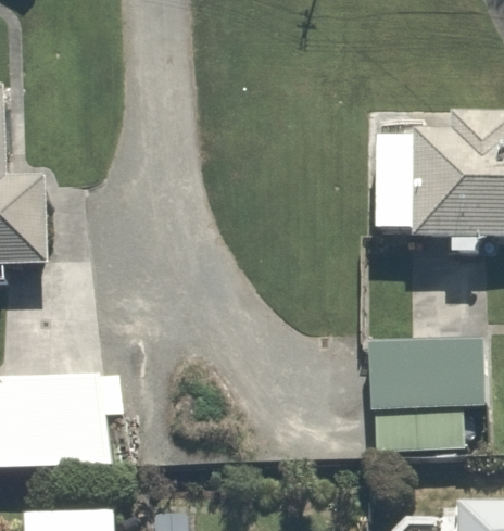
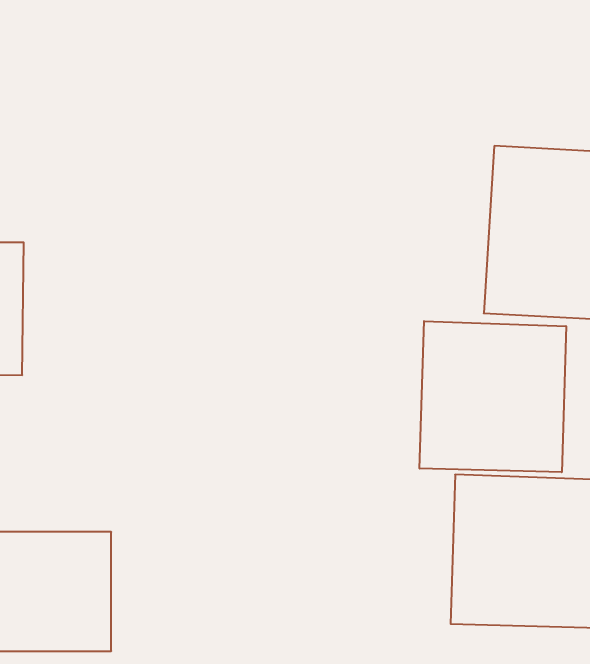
building: none -> [420,321,566,472]

